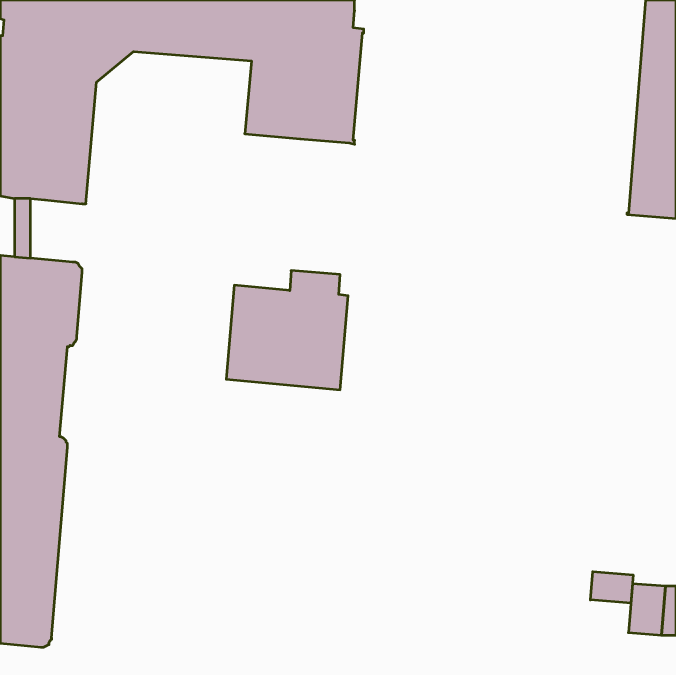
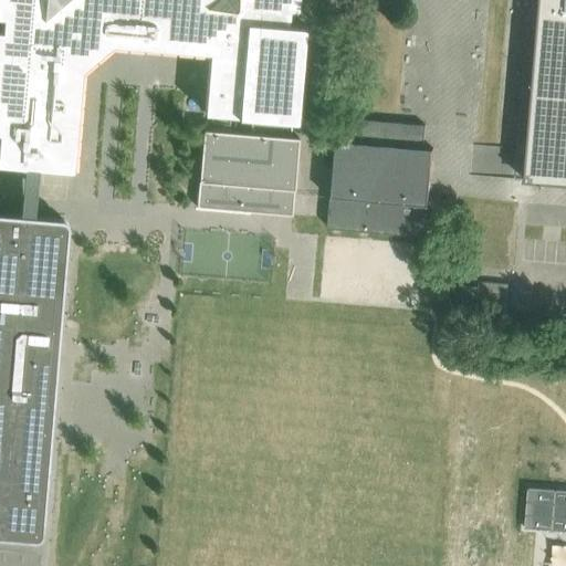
building: none -> [326,118,433,237]
building: [226,271,348,390] -> [197,117,298,217]
building: [590,572,633,603] -> none

